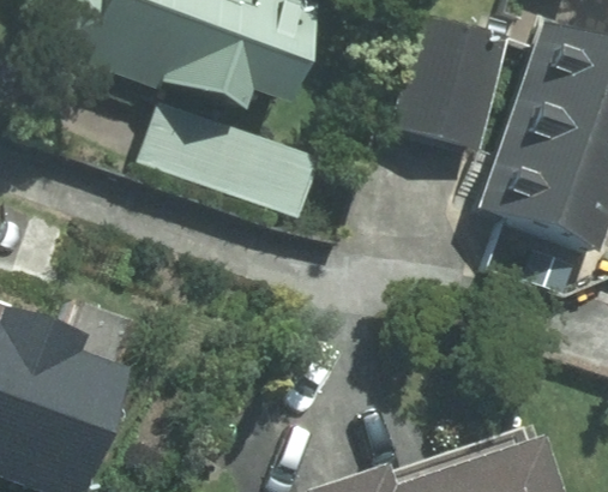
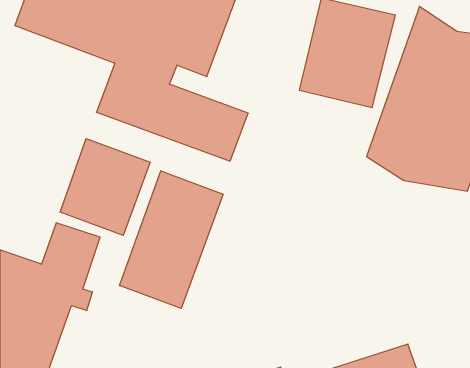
building: none -> [60,139,150,235]
building: none -> [120,171,223,308]

